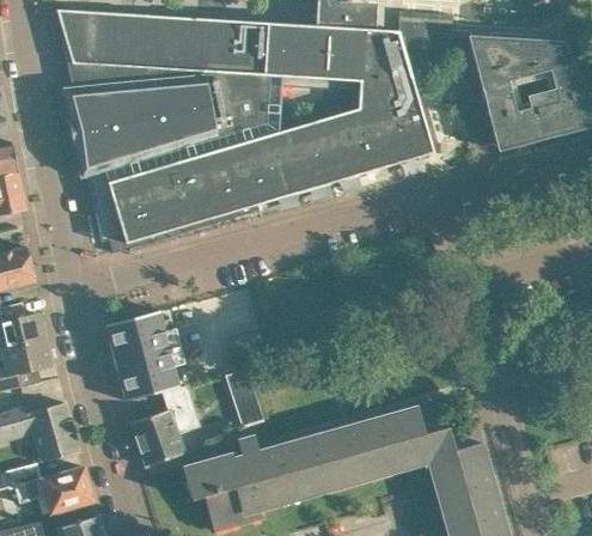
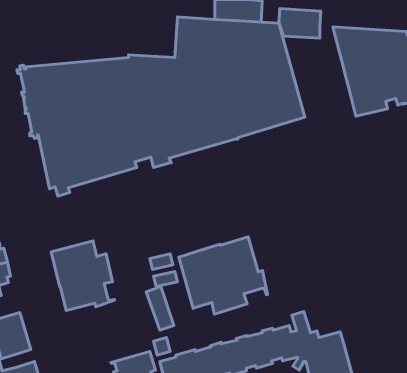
building: [55,10,267,87] -> none
building: none -> [179,237,267,314]
building: [129,388,200,467] -> none

